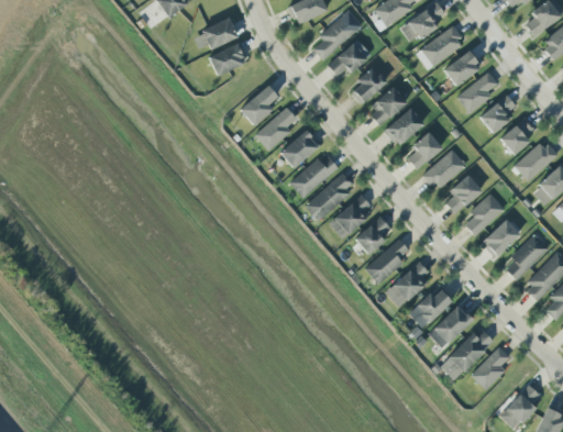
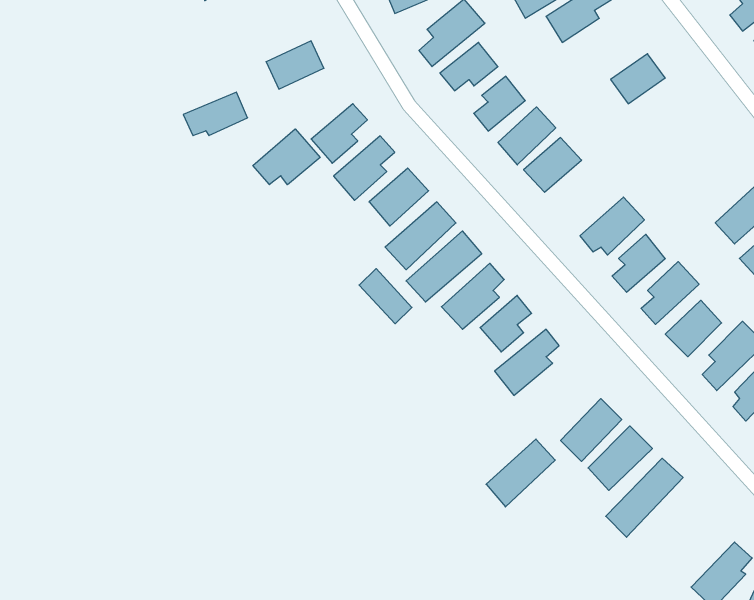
building: [194,19,238,48] -> [183,92,248,136]
building: [417,24,465,69] -> none
building: [457,71,498,113] -> none
building: [479,93,517,133] -> none
building: none -> [253,129,320,185]
building: [500,118,537,152] -> none
building: [408,131,443,168] -> none
building: none -> [359,269,412,324]
building: [386,261,433,307] -> [486,439,555,507]
building: [472,345,510,389] -> none

